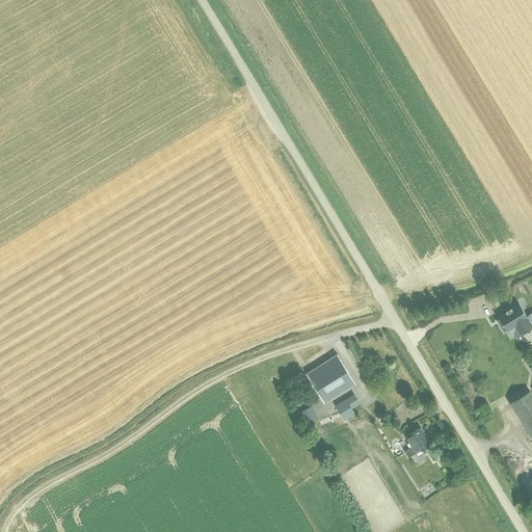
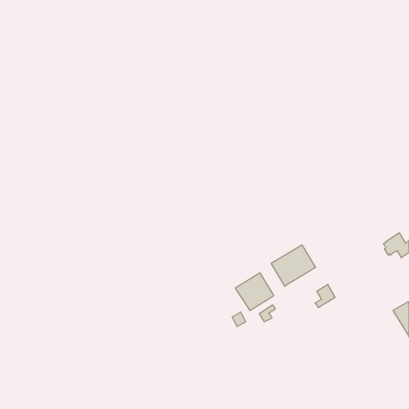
building: none -> [271,245,316,286]
building: [404,427,430,457] -> [315,284,335,308]

